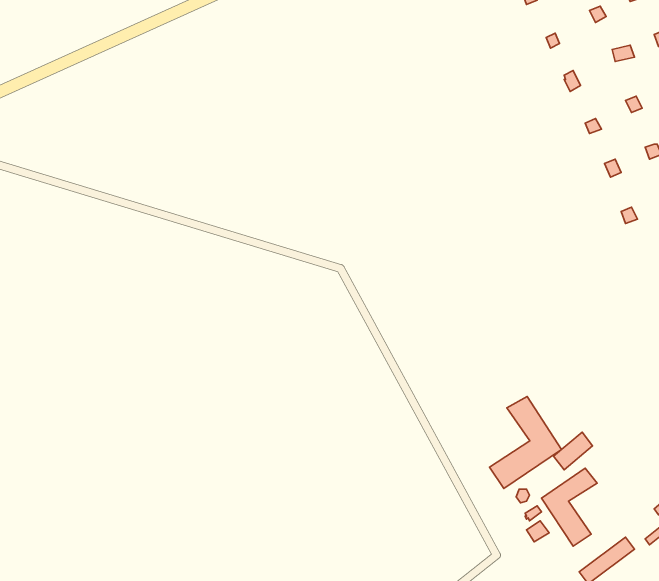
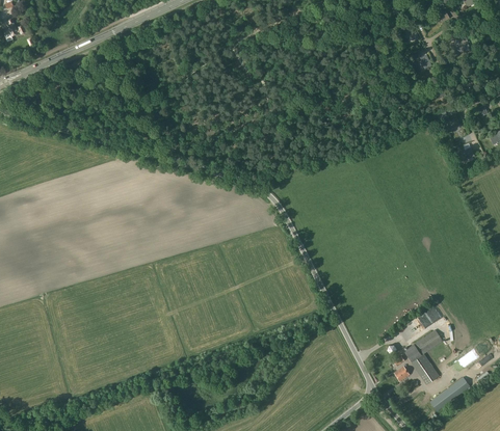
building: [489,397,561,489] -> none

